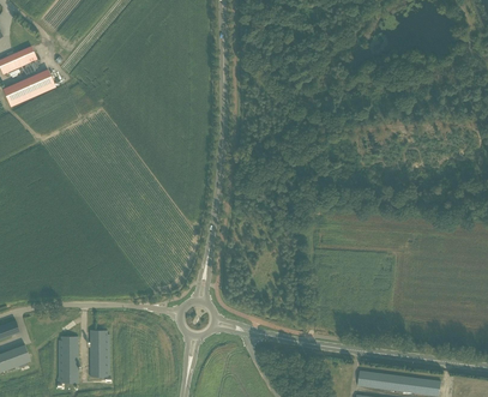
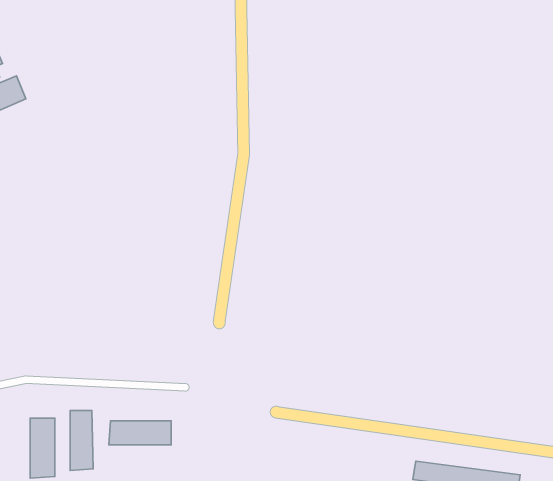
building: none -> [109,421,171,445]

